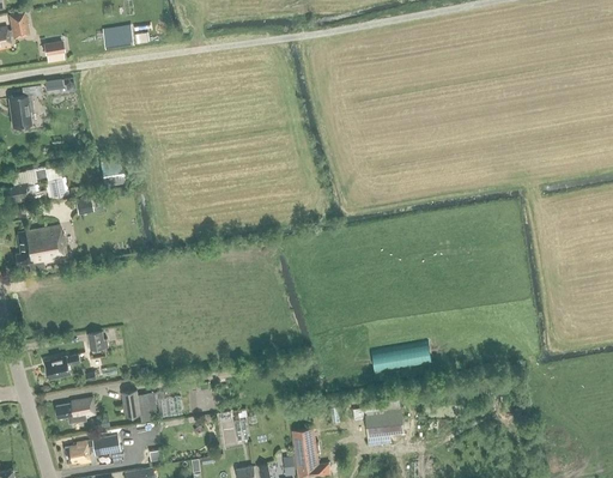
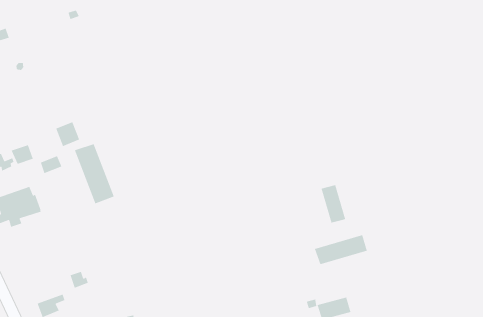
building: [102,24,133,48] -> none
building: none -> [74,143,115,205]
building: none -> [321,184,346,223]

